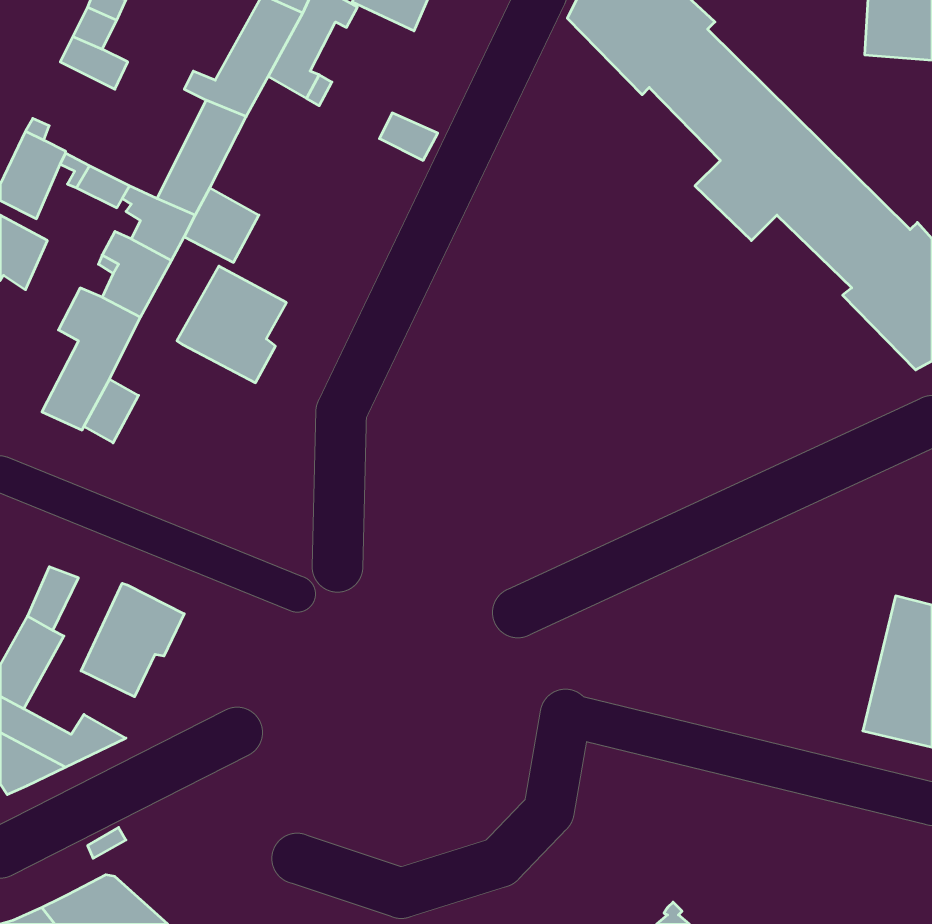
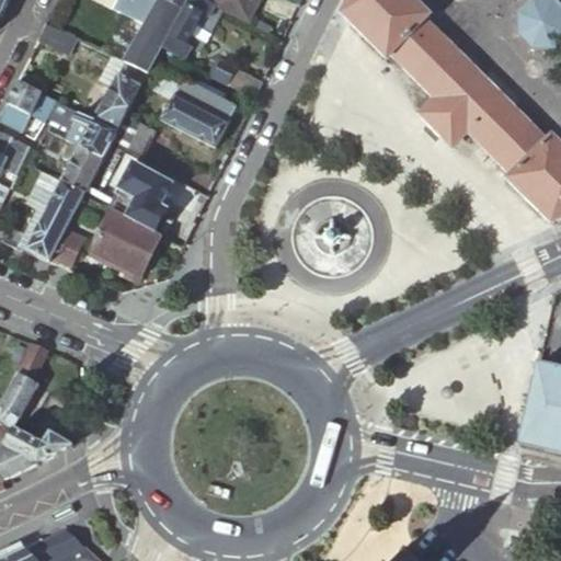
building: none -> [151,66,236,147]
building: none -> [89,207,161,276]
building: [81,583,184,697] -> none

